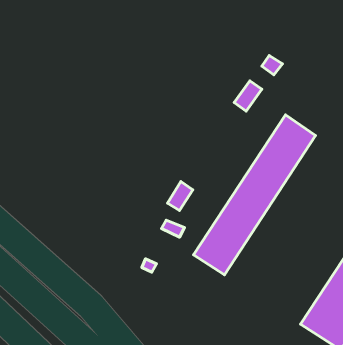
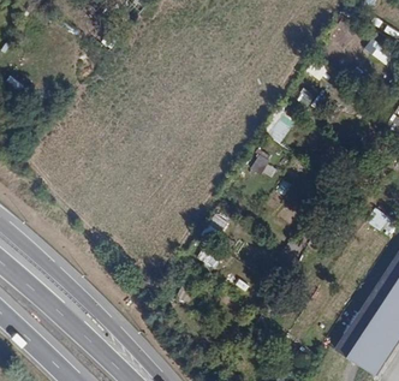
building: [194,115,315,275] -> none

